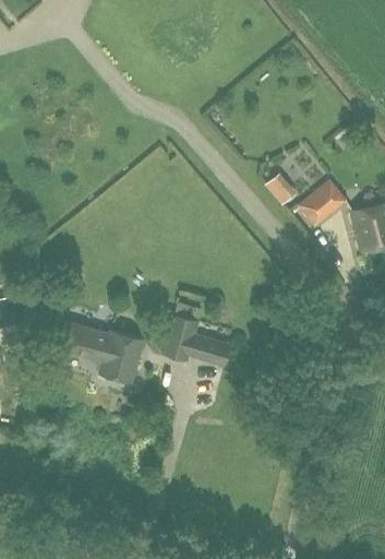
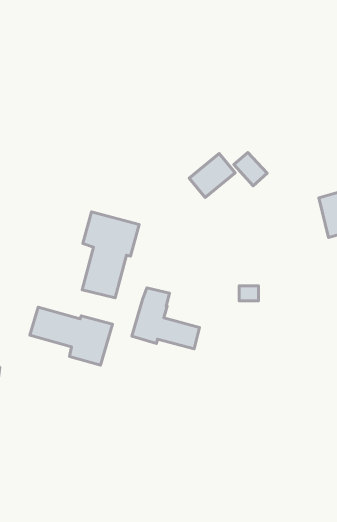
building: [298,181,345,226] -> [189,153,235,197]
building: none -> [82,212,139,298]

